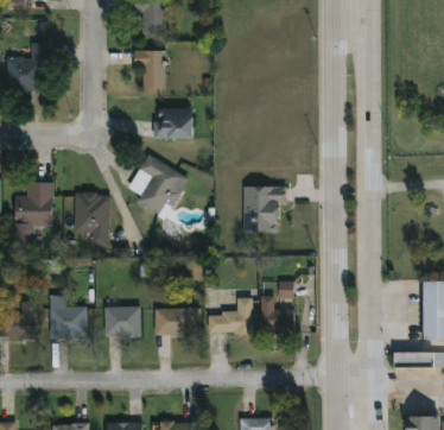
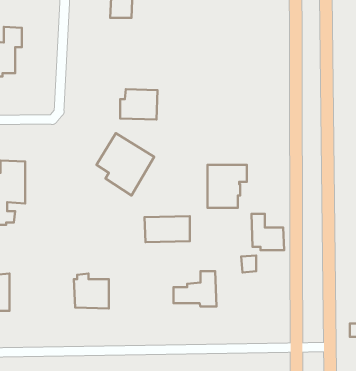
building: [135,50,165,88] -> none
building: [75,192,110,246] -> none
building: [50,295,88,339] -> none
building: [261,296,296,334] -> [251,214,284,250]
building: [154,308,202,335] -> [145,216,190,242]

